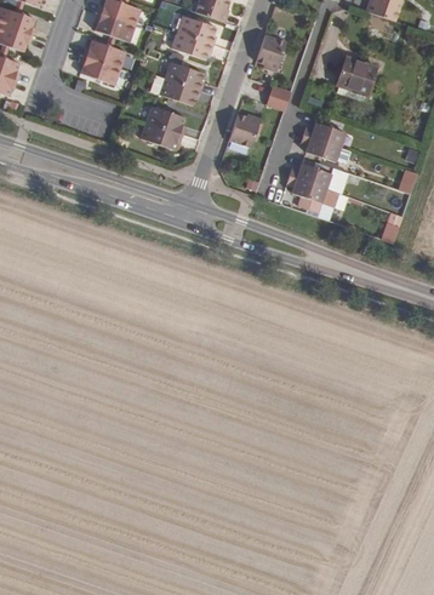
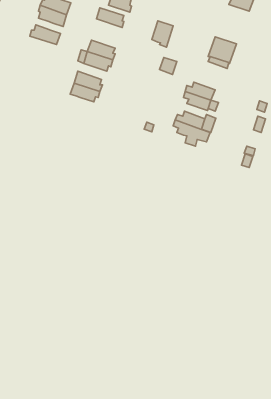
building: [171,30,213,58] -> none
building: [80,55,120,84] -> none
building: [229,111,259,147] -> none

